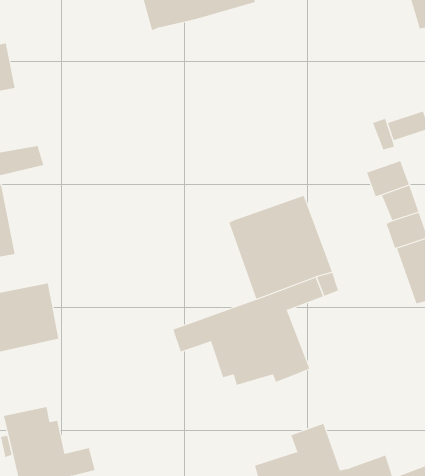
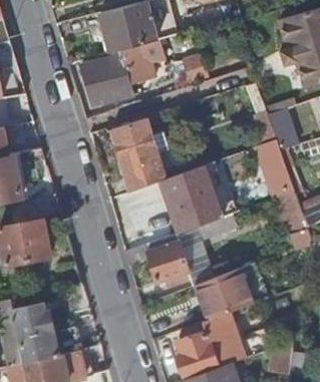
building: none -> [81,45,152,105]
building: none -> [110,119,164,192]
building: none -> [201,268,254,318]

